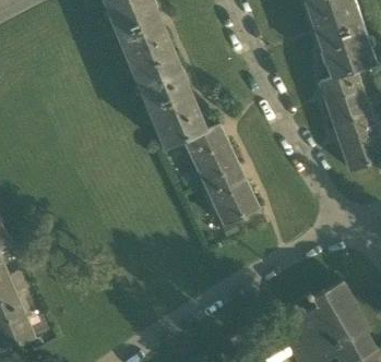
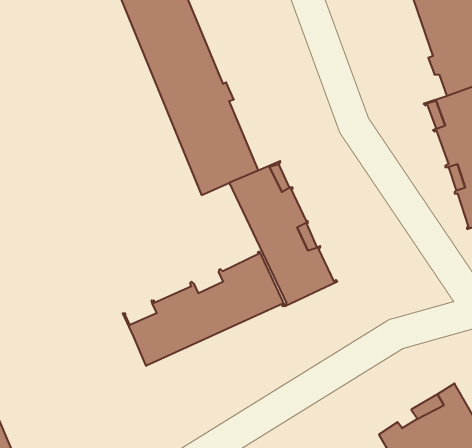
building: none -> [123,251,285,366]

